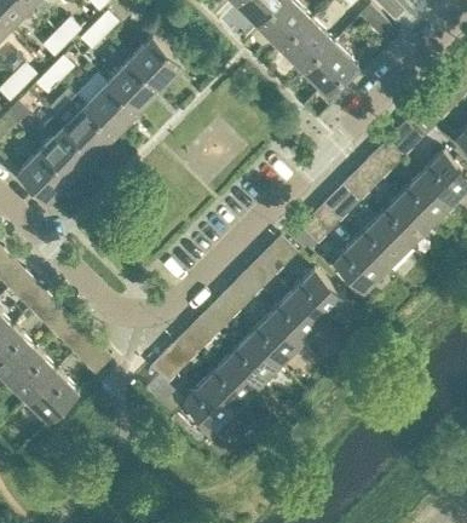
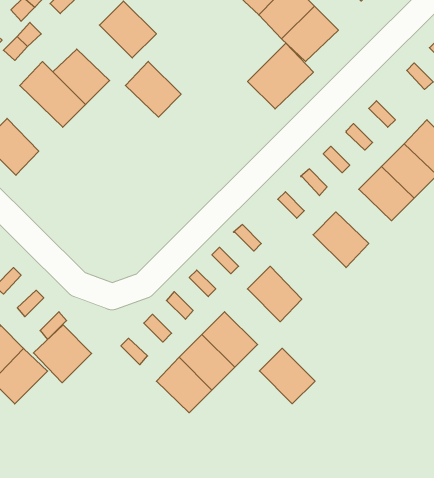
building: [106,62,160,115] -> [125,61,181,117]
building: none -> [248,43,313,109]
building: [40,120,93,183] -> none
building: [354,219,408,271] -> none
building: [292,271,345,324] -> none
building: [248,315,301,368] -> [259,348,315,404]
building: none -> [33,325,92,383]

